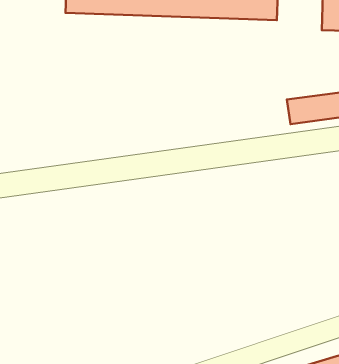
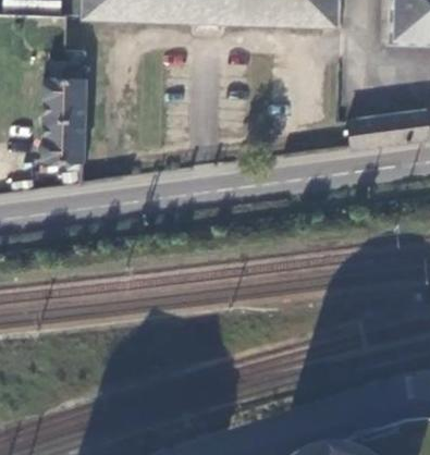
building: none -> [46,79,88,171]

